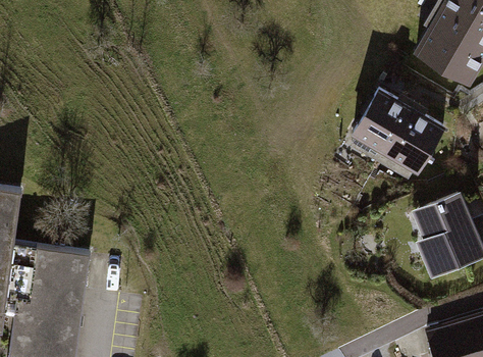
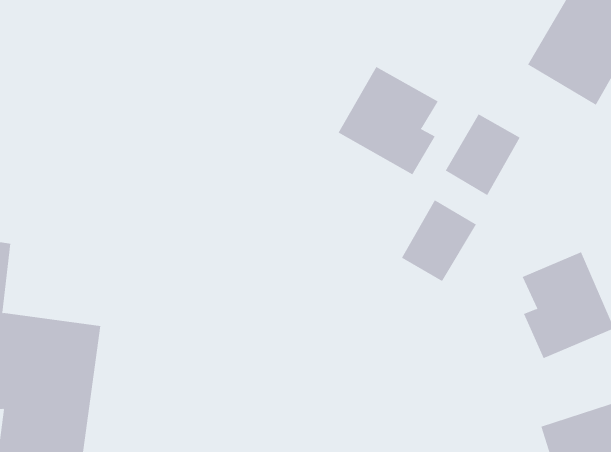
building: none -> [338,66,439,175]
building: [385,109,443,172] -> [401,199,477,282]

